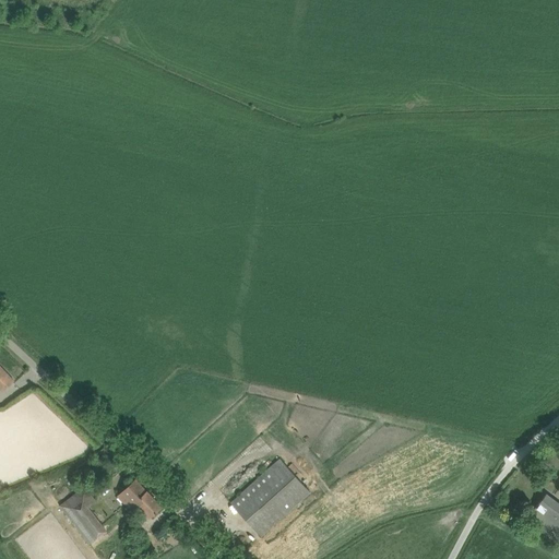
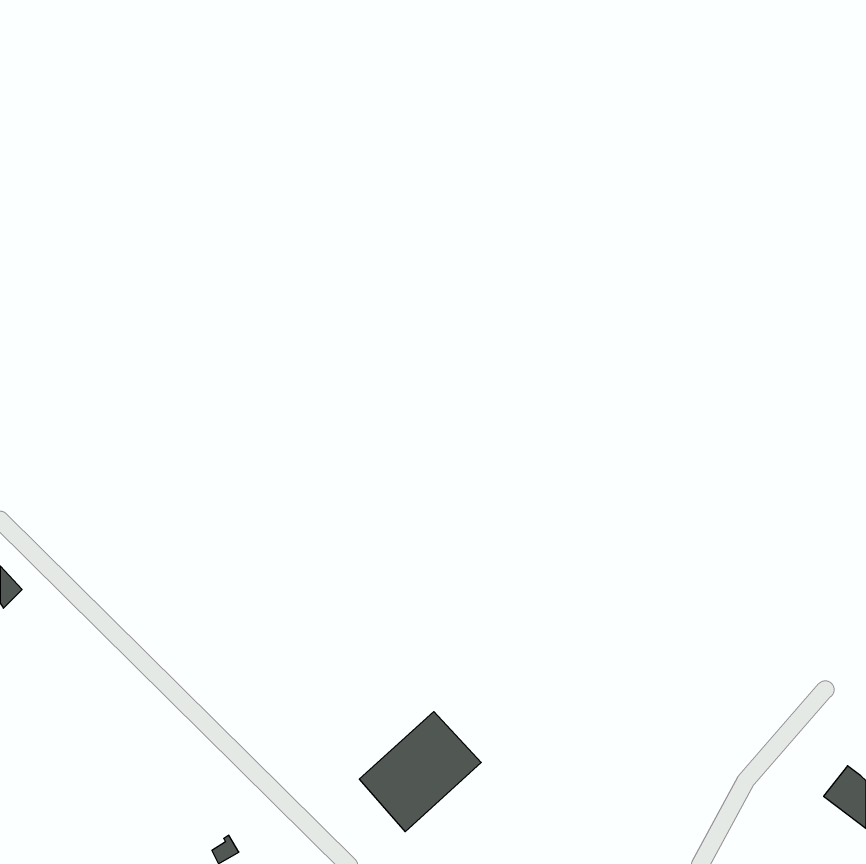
building: [117,481,163,519] -> none
building: [60,488,106,545] -> none

